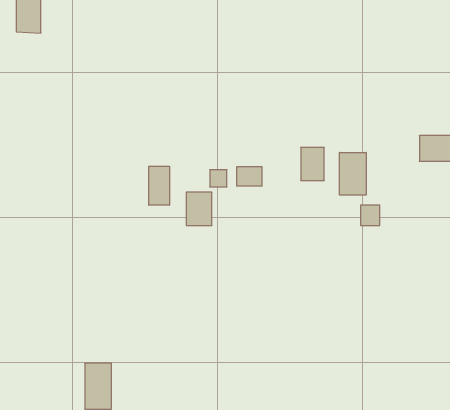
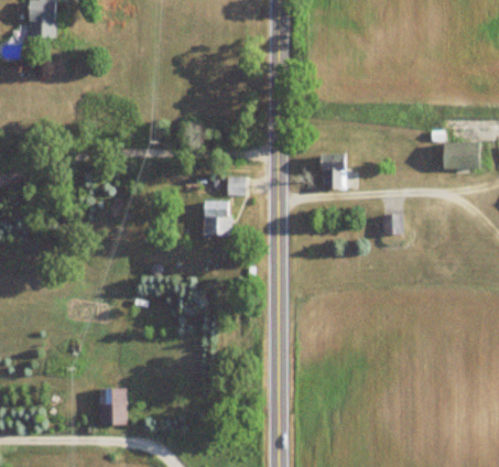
building: [340,152,366,195] -> none
building: [149,166,169,205] -> none
building: [237,167,262,186] -> none

